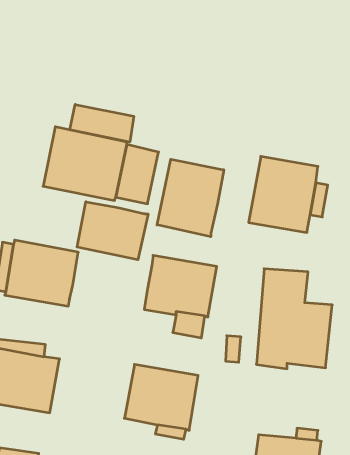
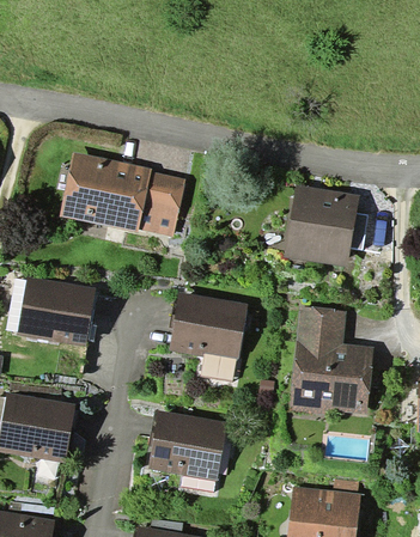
building: [70,104,134,142] -> none
building: [157,159,224,237] -> none
building: [77,202,148,260] -> none

